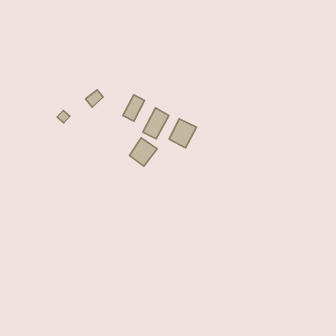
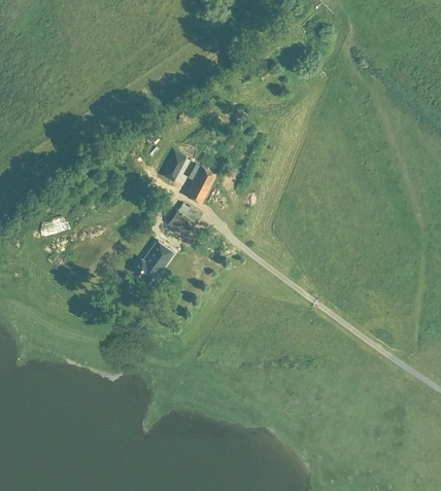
building: [169,119,196,148] -> none
building: none -> [132,241,173,285]

